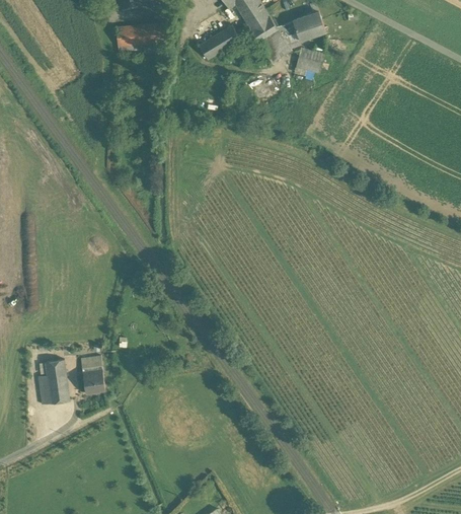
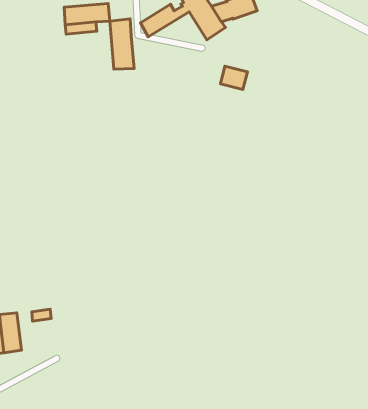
building: none -> [110,19,134,69]
building: [295,48,324,73] -> [220,66,247,90]
building: [81,366,104,393] -> none

